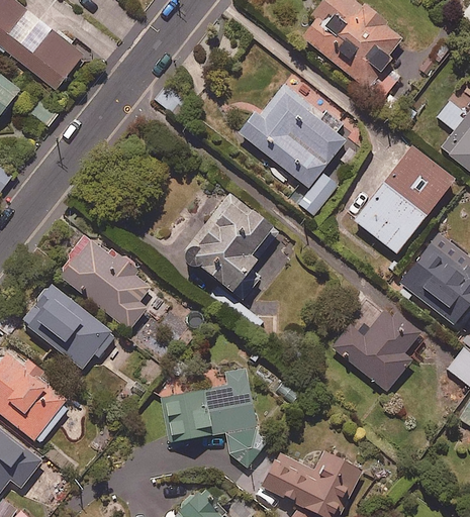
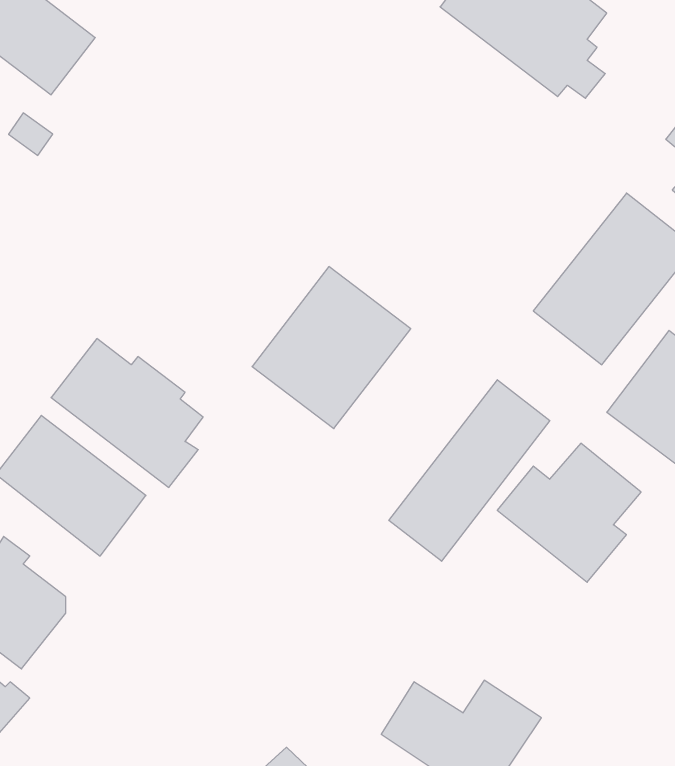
building: [237,83,346,214] -> none
building: none -> [389,380,550,561]
building: [162,369,266,467] -> none

